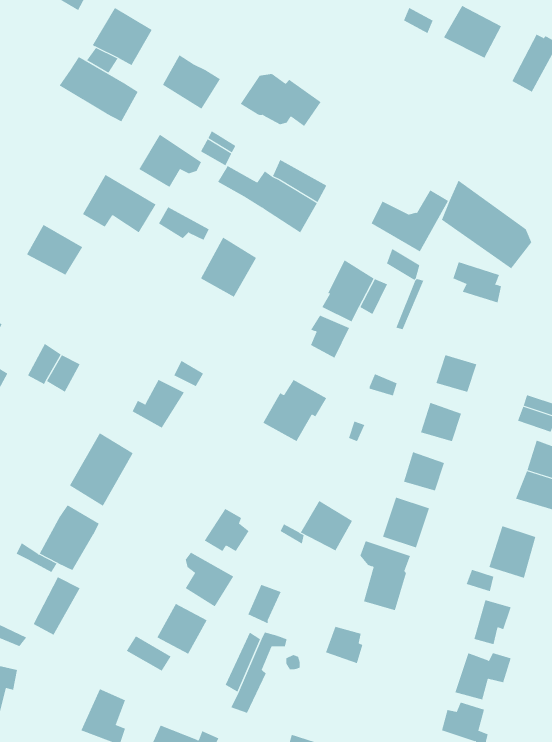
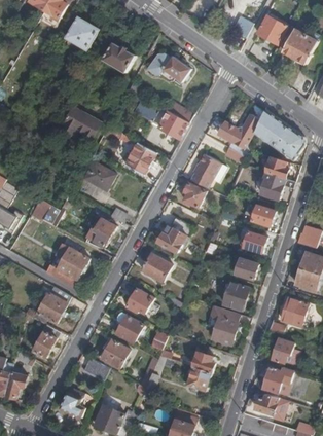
building: none -> [277,26,307,57]
building: [59,56,138,122] -> none
building: [139,134,202,188] -> none
building: [26,224,83,276] -> [84,161,115,189]
building: none -> [260,171,294,201]
building: [300,500,353,551] -> [142,253,171,281]
building: none -> [186,366,212,391]

